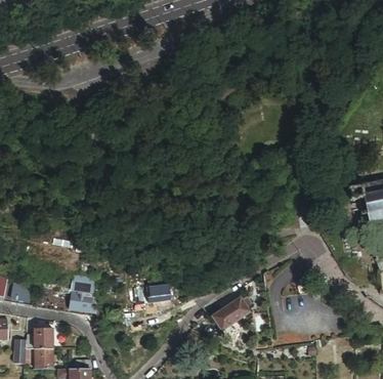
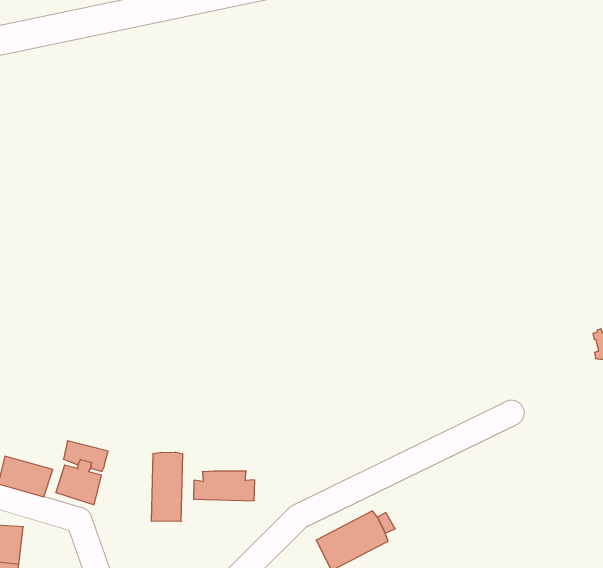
building: none -> [152,452,182,522]

